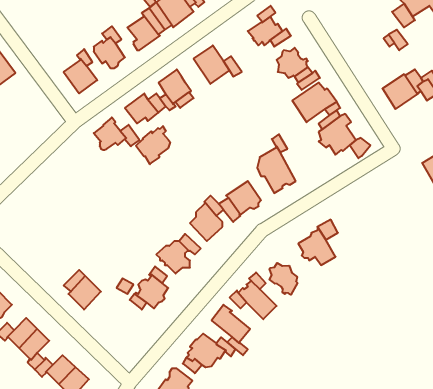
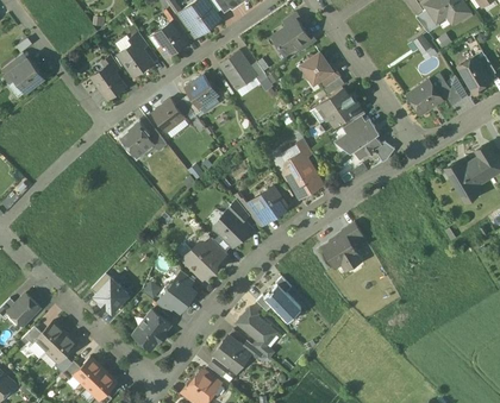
building: [136,126,170,164] -> none
building: [269,263,297,295] -> none
building: none -> [133,310,170,348]

